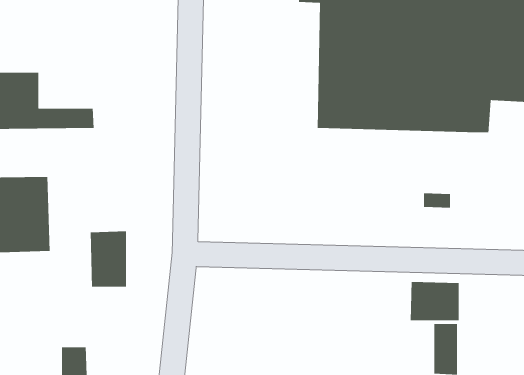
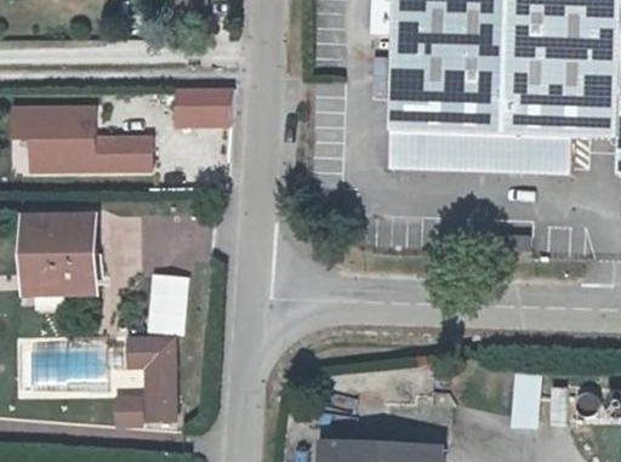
building: none -> [178,89,234,126]
building: [410,281,460,321] -> none
building: none -> [131,337,180,417]

